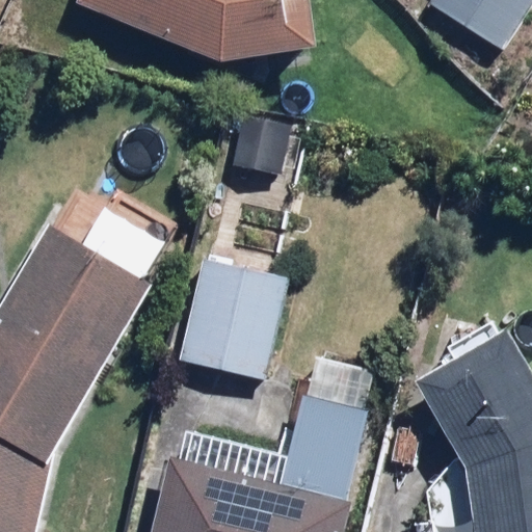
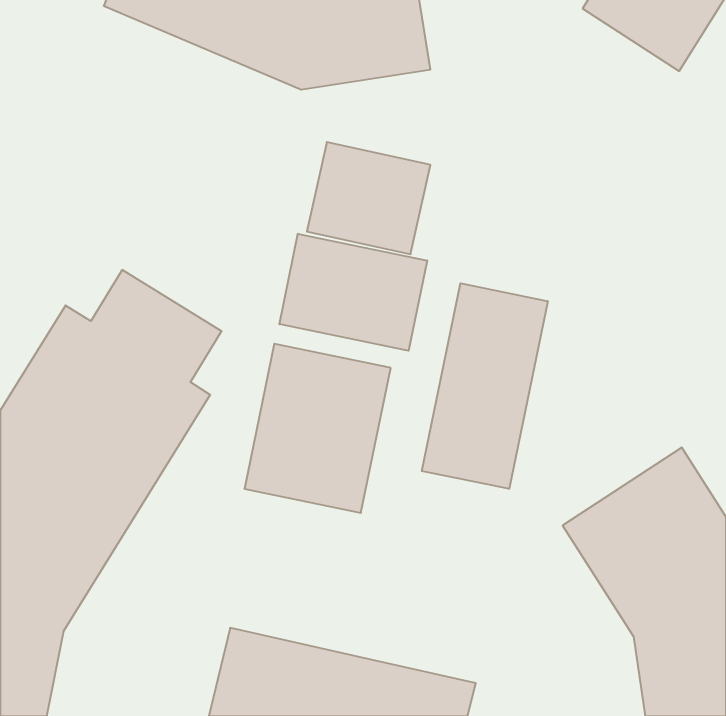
building: none -> [279,234,427,351]
building: none -> [422,283,548,489]
building: [280,397,369,500] -> none

